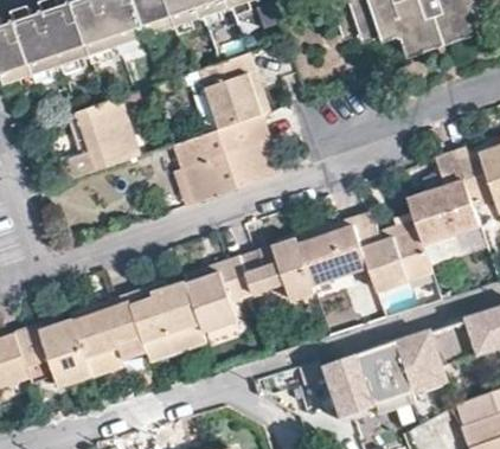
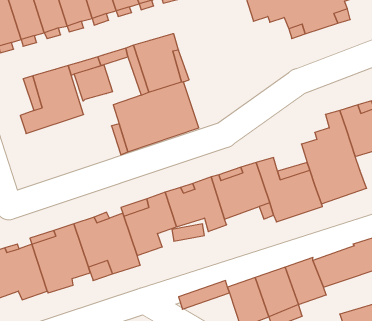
building: none -> [74,65,112,101]

